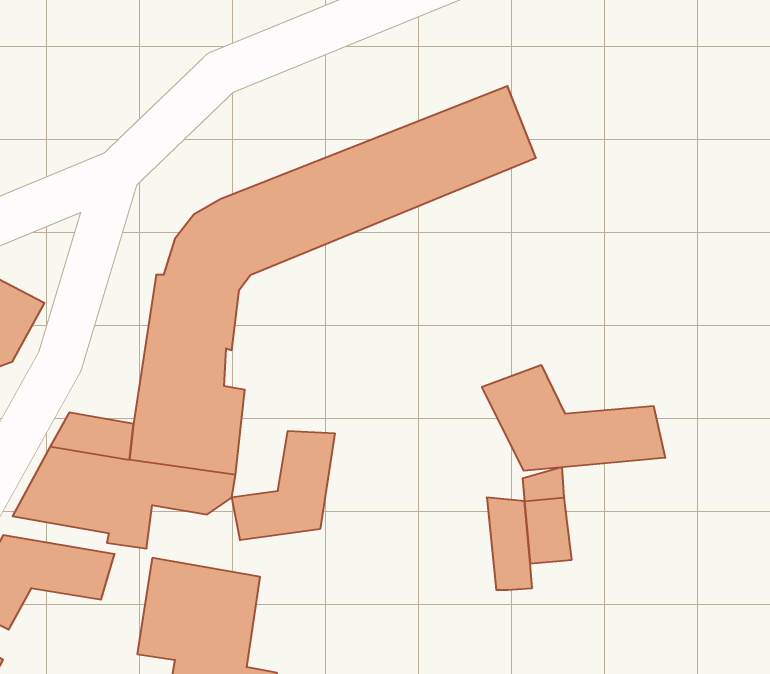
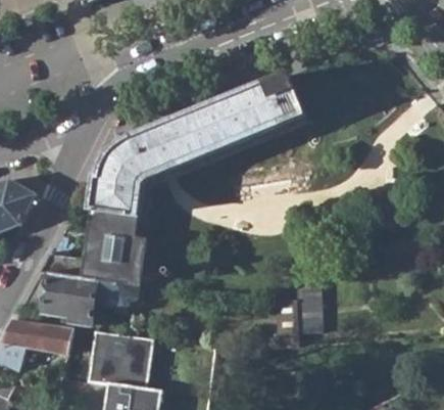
building: [482,365,665,471] -> none
building: [232,431,335,540] -> none

